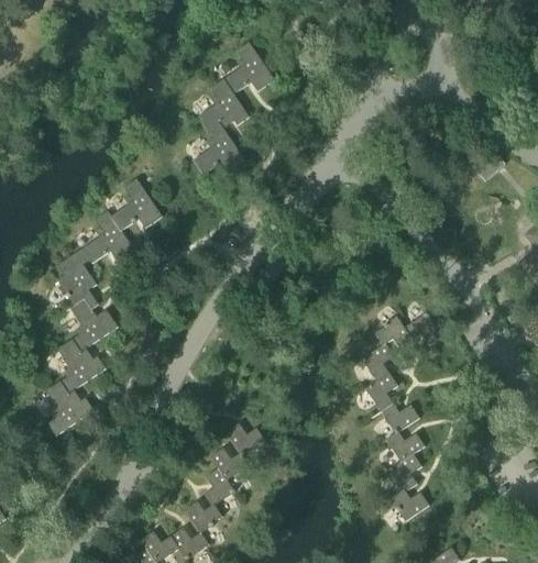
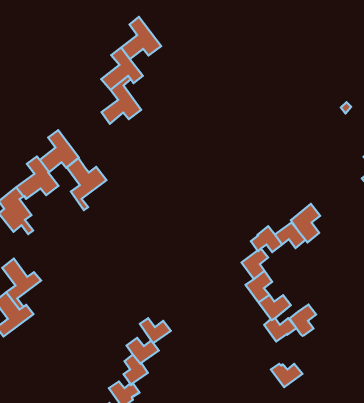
building: none -> [291,204,320,243]
building: [69,297,119,363] -> [67,158,107,210]
building: [388,453,422,493] -> [289,304,316,336]

